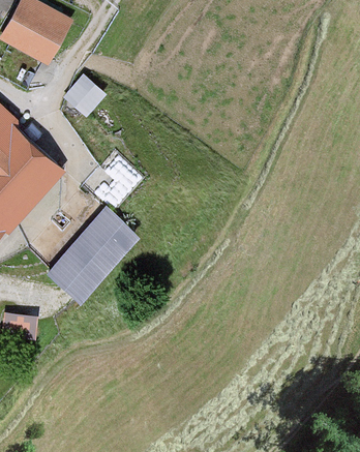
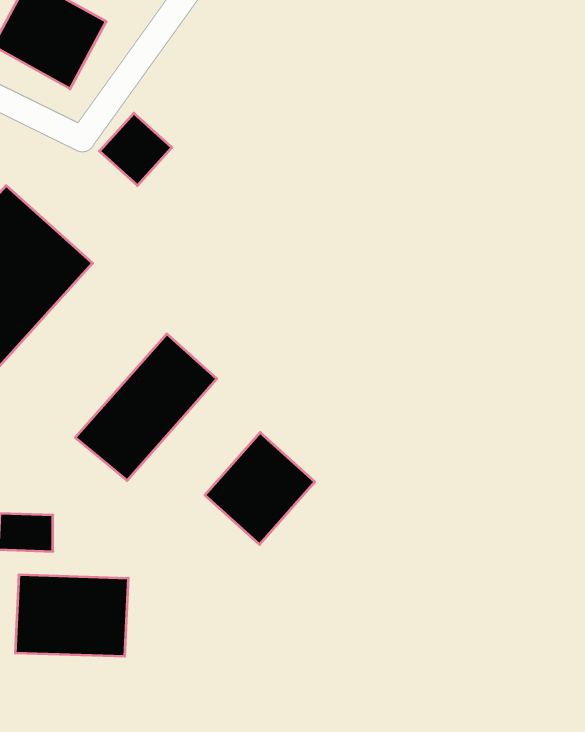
building: none -> [205,432,315,545]
building: none -> [15,575,128,656]

